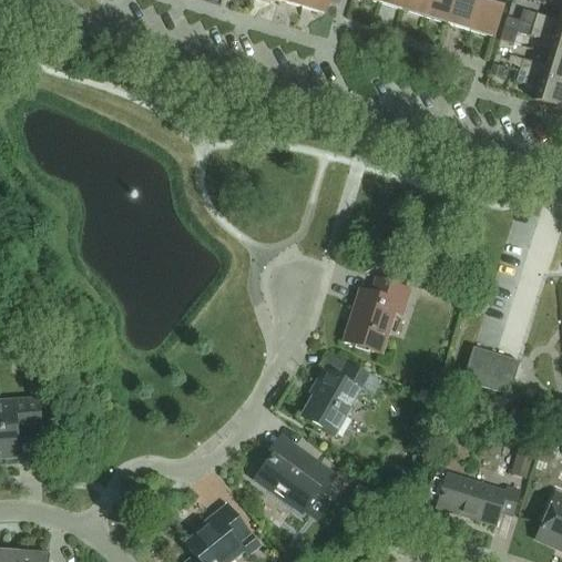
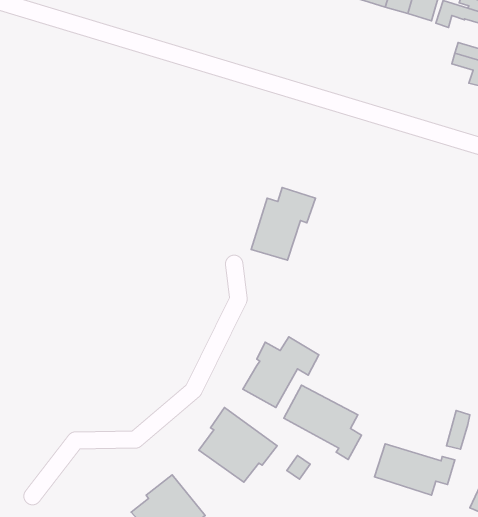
building: [344,276,410,351] -> [251,187,315,260]
building: [462,346,520,394] -> none
building: none -> [284,385,362,459]

